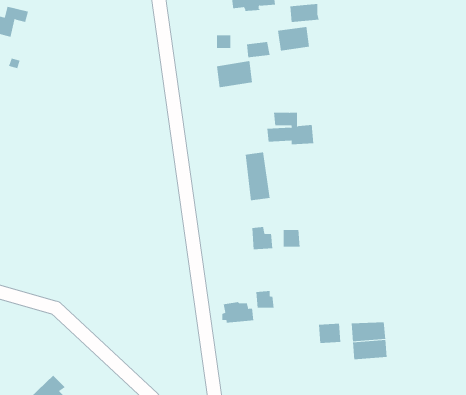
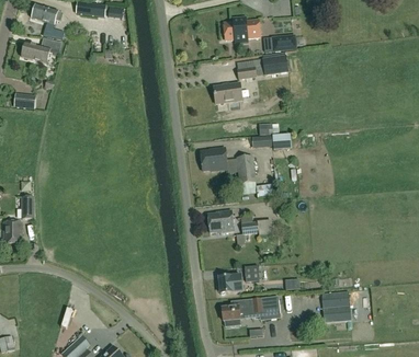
building: none -> [200,148,227,171]
building: none -> [206,211,233,233]
building: none -> [220,297,280,327]

